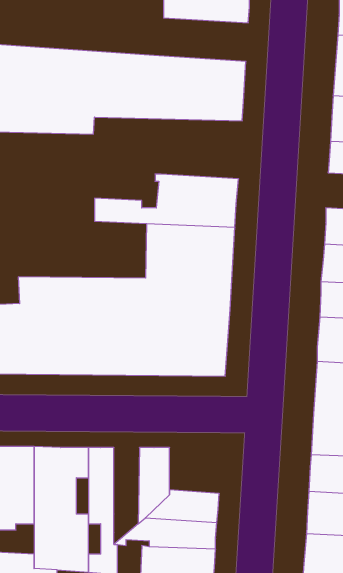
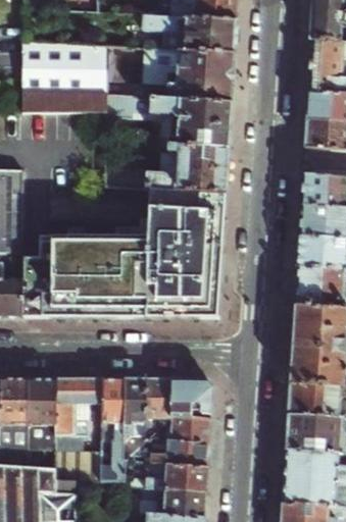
building: none -> [137,15,236,53]
building: none -> [105,100,231,152]
building: none -> [122,378,144,460]
building: none -> [169,378,213,417]

